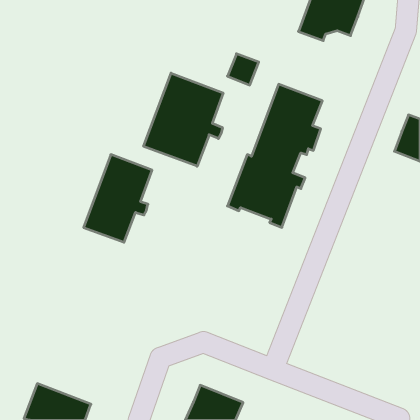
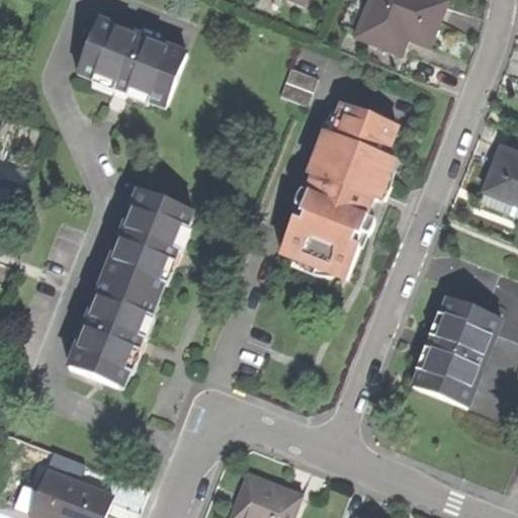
building: none -> [76,17,184,100]
building: [144,73,223,166] -> none
building: none -> [69,278,152,385]
building: none -> [416,297,500,406]

